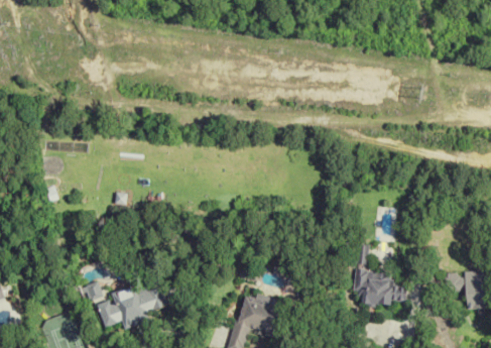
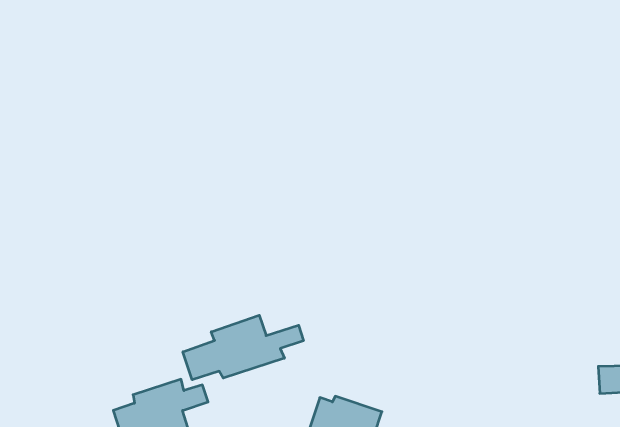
building: none -> [183,315,303,380]
building: [353,271,404,305] -> none

